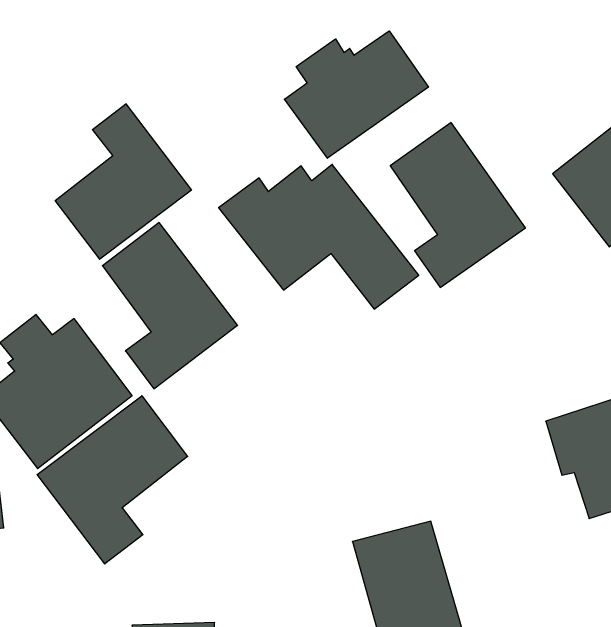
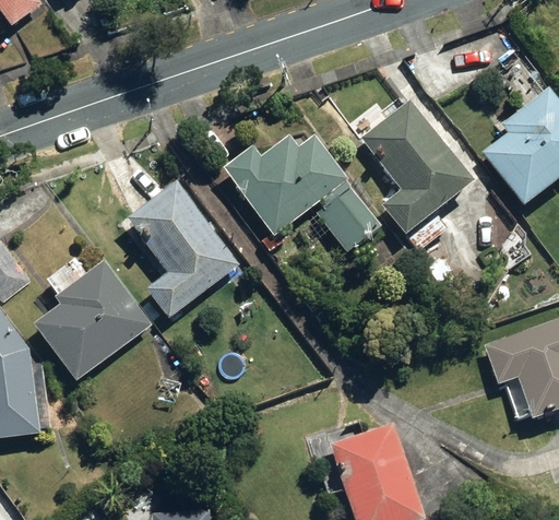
building: [284,31,428,158] -> none
building: [55,104,191,259] -> none
building: [37,396,188,564] -> none

